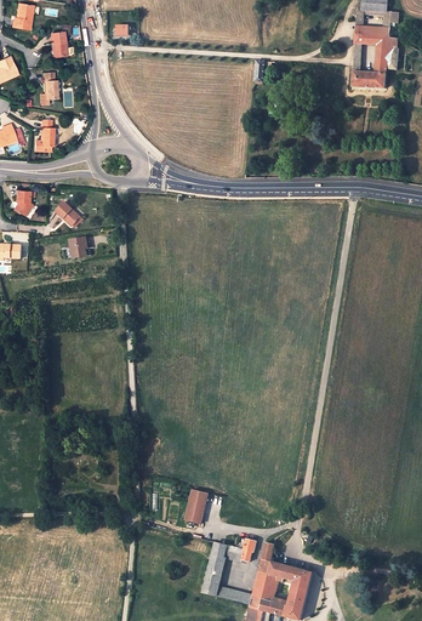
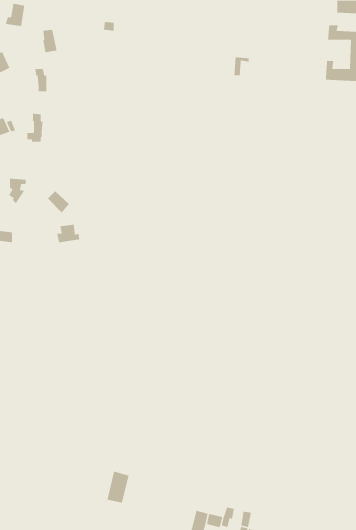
building: [184,489,209,524] -> [107,470,129,504]

